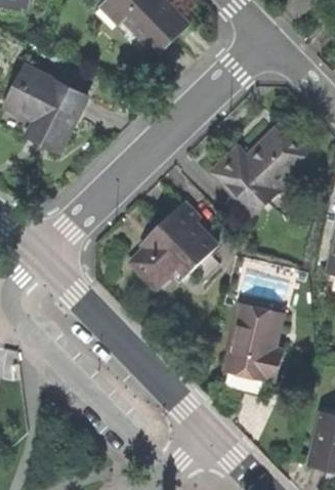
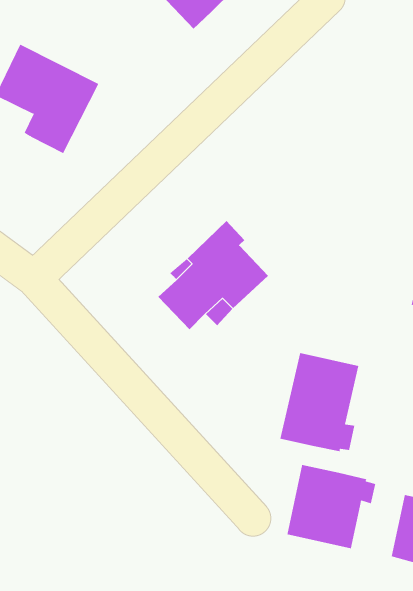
building: [214,126,311,208] -> none
building: none -> [287,464,376,549]

